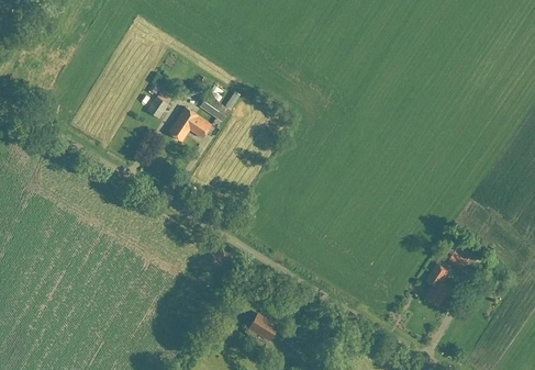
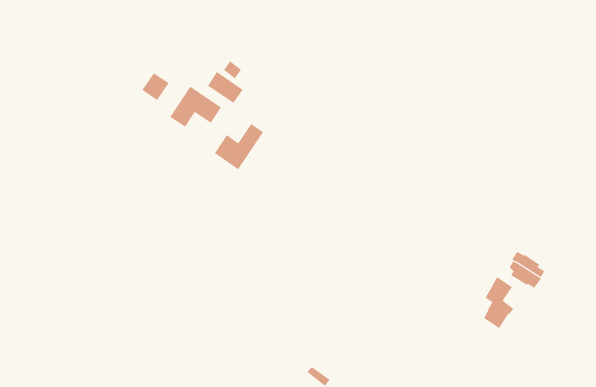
building: none -> [214,123,264,170]
building: [244,313,277,339] -> none

